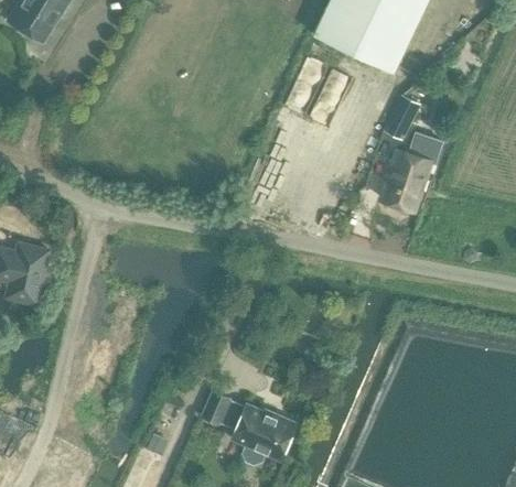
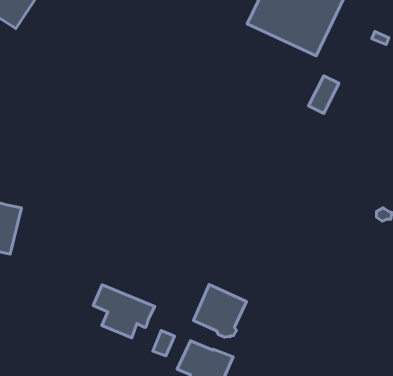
building: [386,132,442,212] -> none
building: none -> [193,284,247,337]
building: none -> [93,285,155,338]

